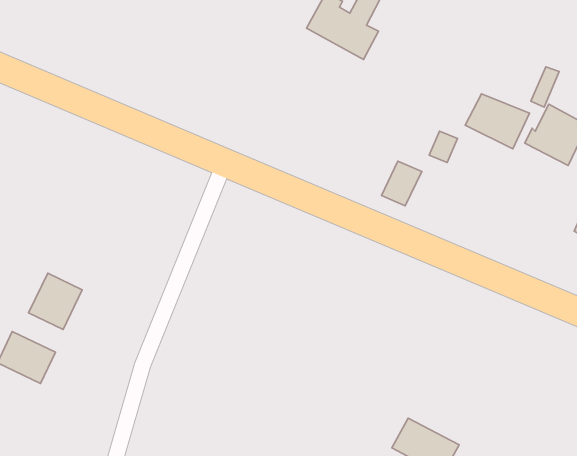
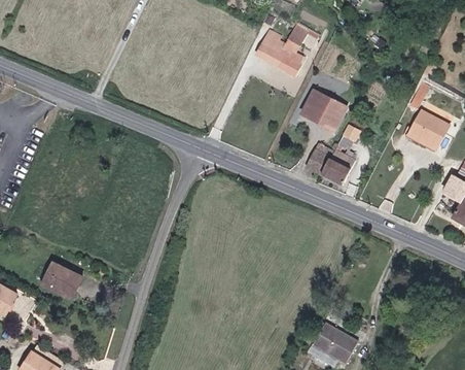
building: [465,94,529,149] -> [302,92,347,130]
building: none -> [323,153,354,187]
building: [29,273,82,330] -> none

